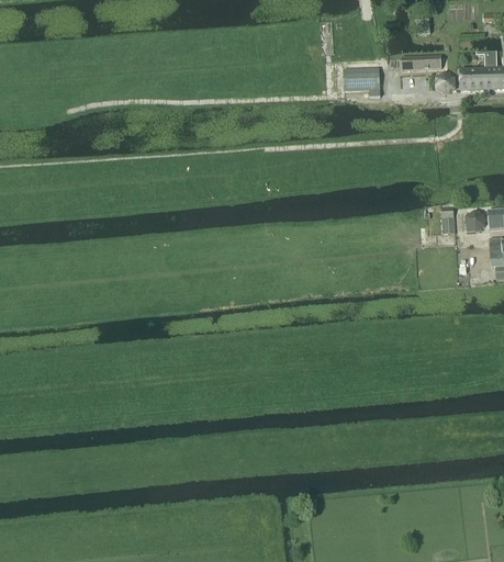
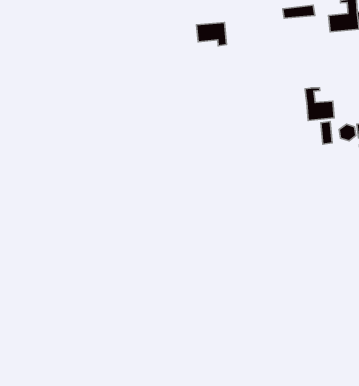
building: [343,67,380,97] -> [196,22,227,46]
building: none -> [305,88,334,120]

